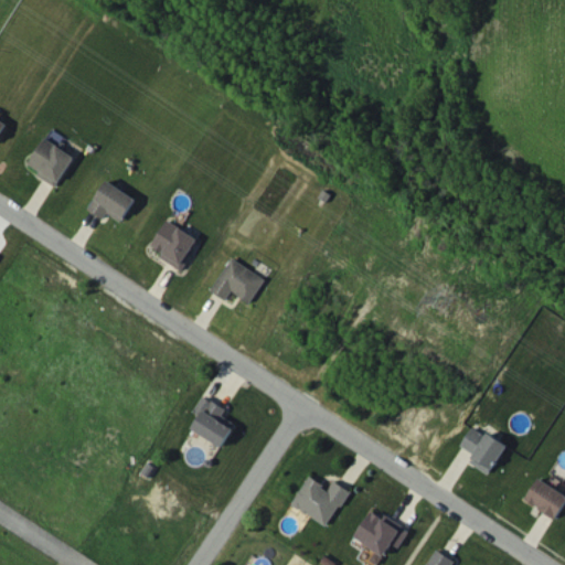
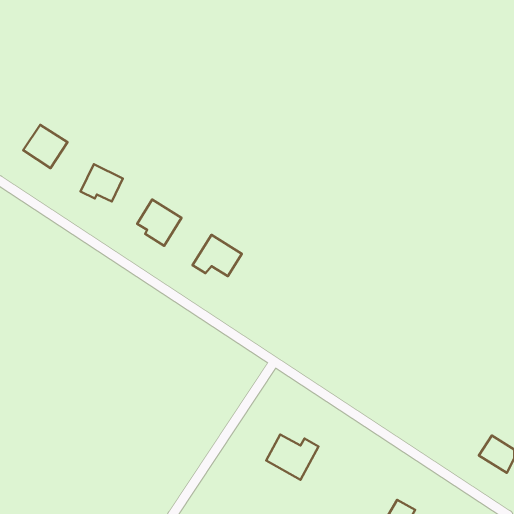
building: [192,395,235,447] -> none
building: [460,427,505,475] -> none
building: [353,509,408,556] -> none

